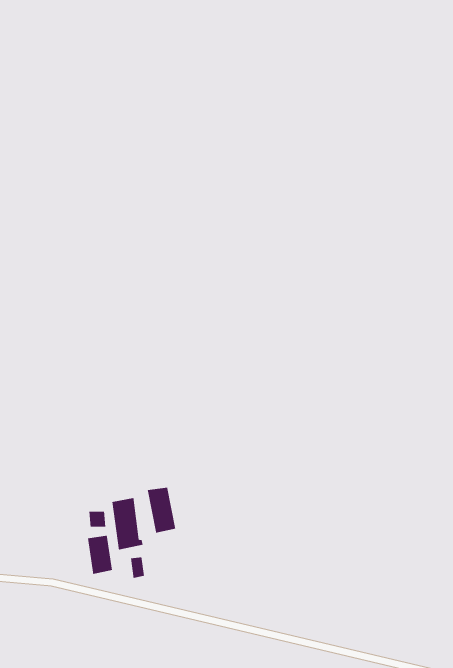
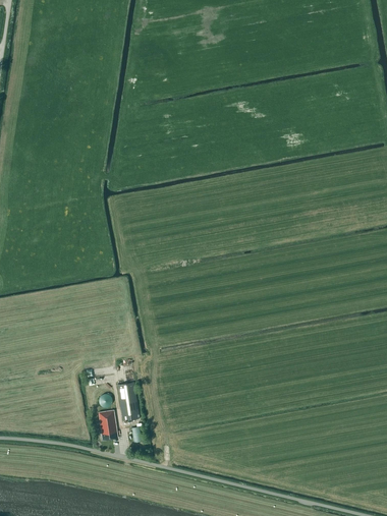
building: [147,487,176,533] -> none

